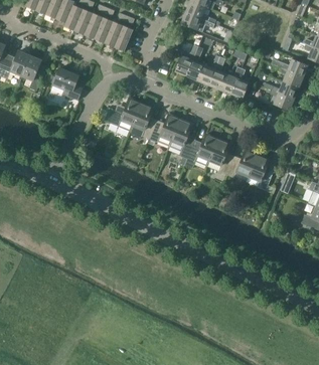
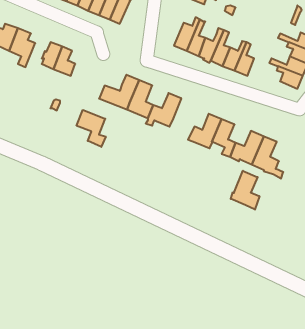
building: [170,120,193,165] -> none
building: none -> [77,110,106,147]
building: none -> [231,171,259,210]

